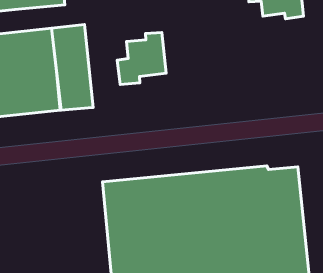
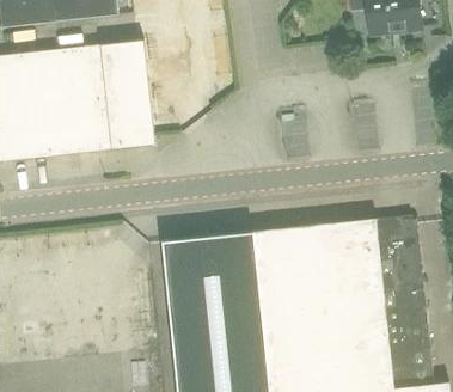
building: [117,33,166,85] -> none

